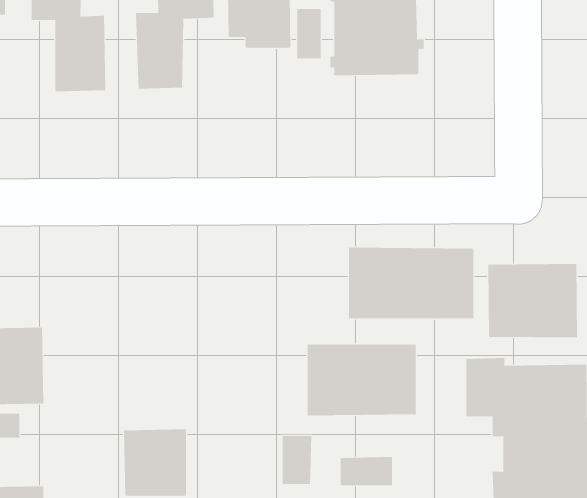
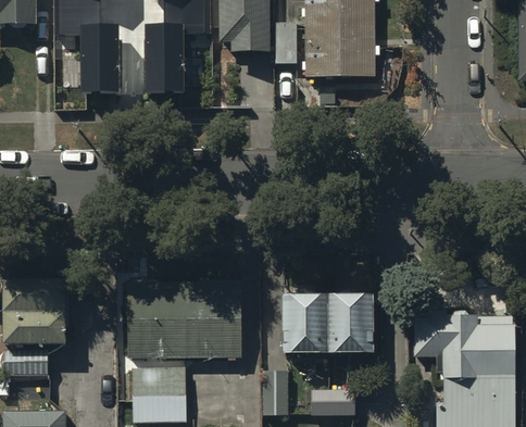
building: [348,247,474,319] -> none
building: [488,263,577,338] -> none
building: none -> [128,275,241,357]

